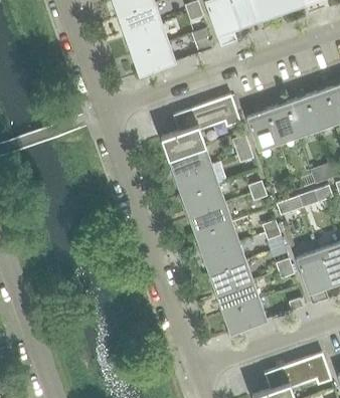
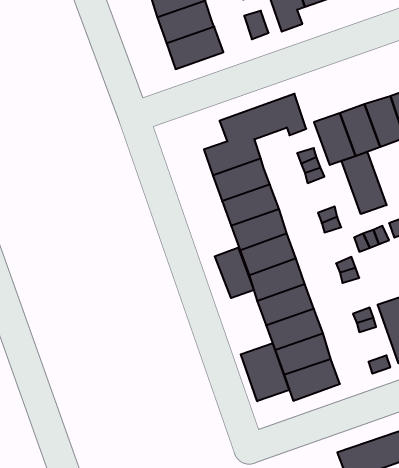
building: none -> [341,152,387,214]
building: none -> [215,247,254,298]
building: none -> [241,343,289,401]

